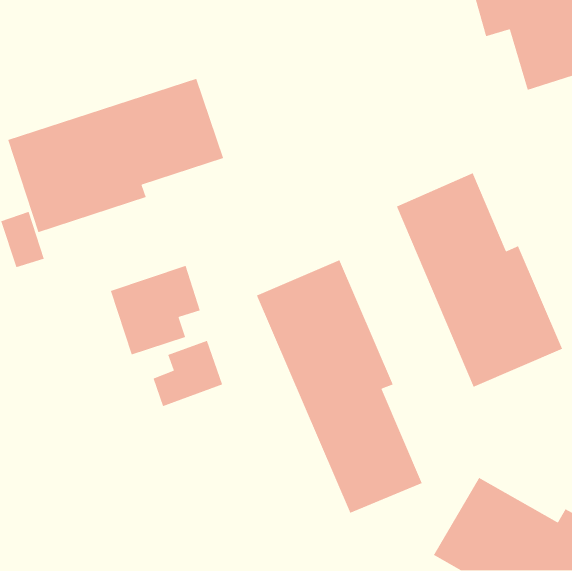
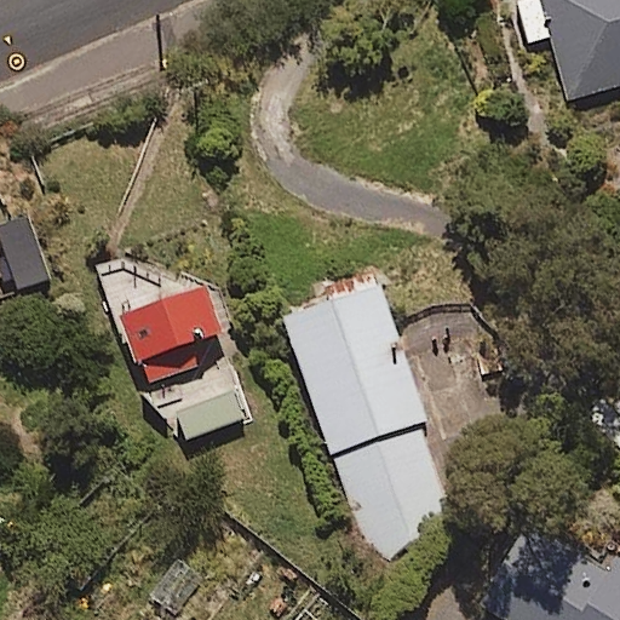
building: [7,78,224,233] -> none
building: [396,172,563,388] -> none

